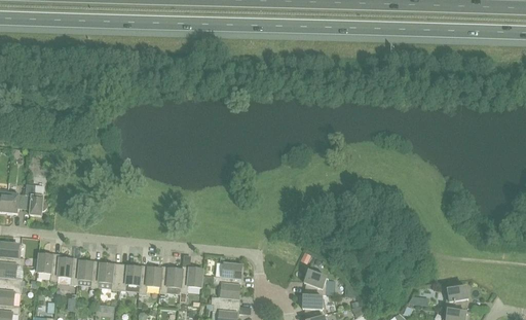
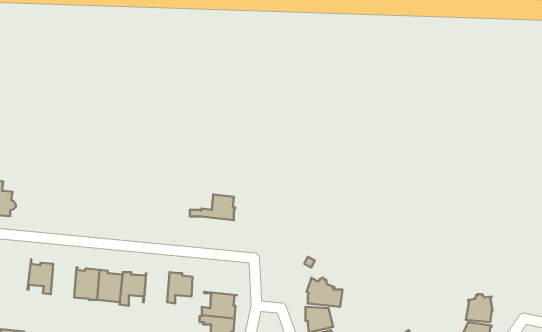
building: [37,252,60,280] -> none
building: [77,257,100,287] -> none
building: [202,262,242,285] -> [190,195,235,220]
building: [159,264,182,292] -> none

